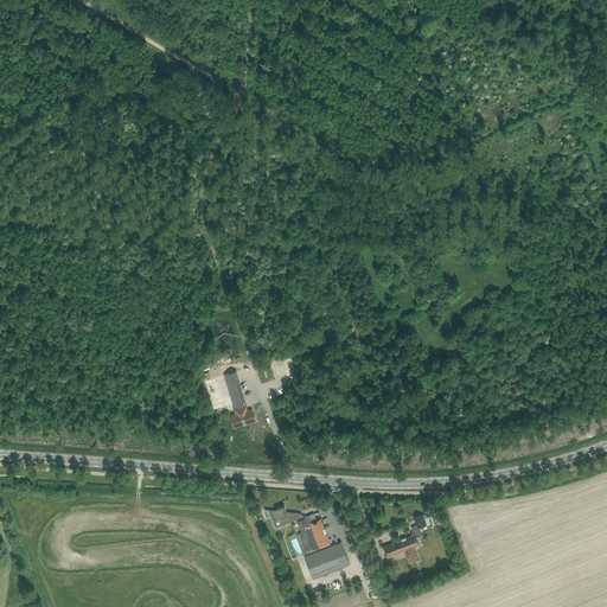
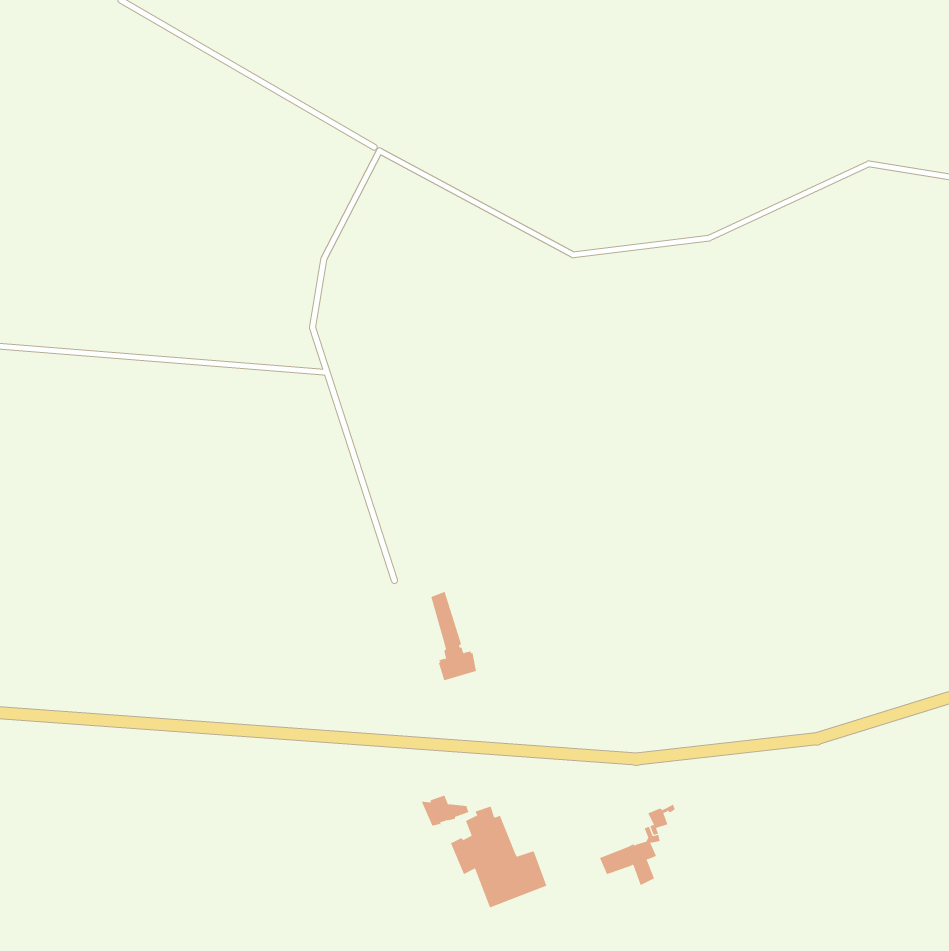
building: [226,371,256,428] -> [430,591,477,681]

